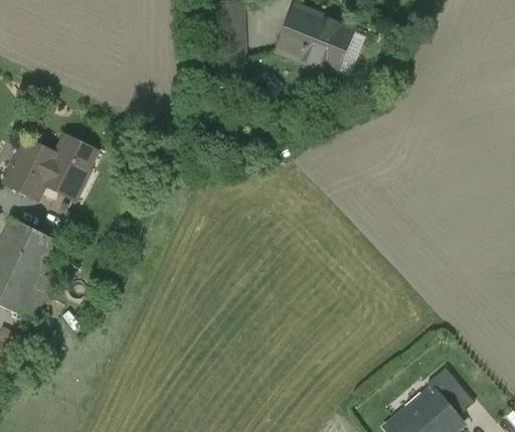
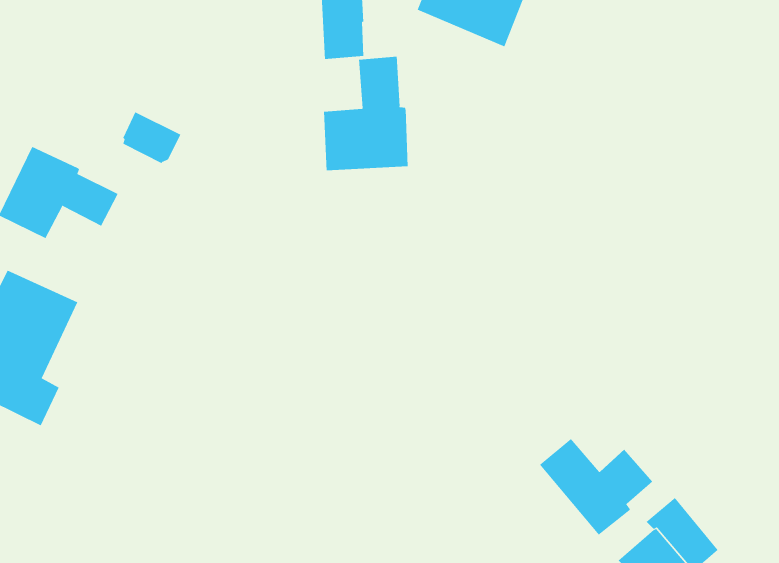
building: none -> [323,56,408,171]
building: [57,136,96,170] -> [122,111,181,164]
building: none -> [539,438,653,535]

